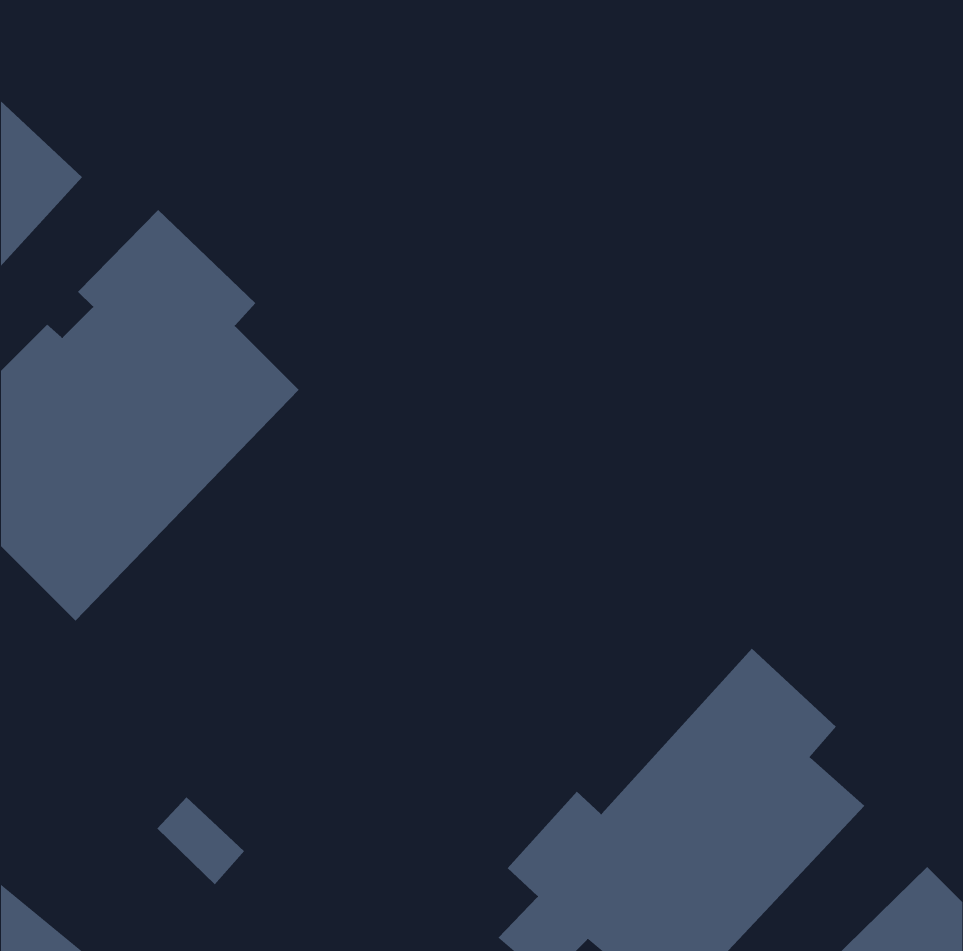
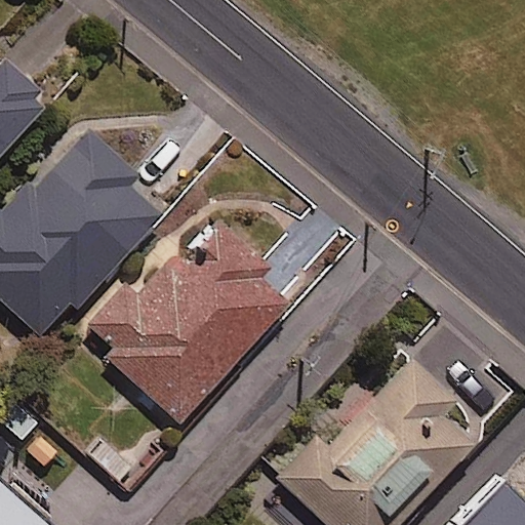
building: none -> [78,217,288,427]

